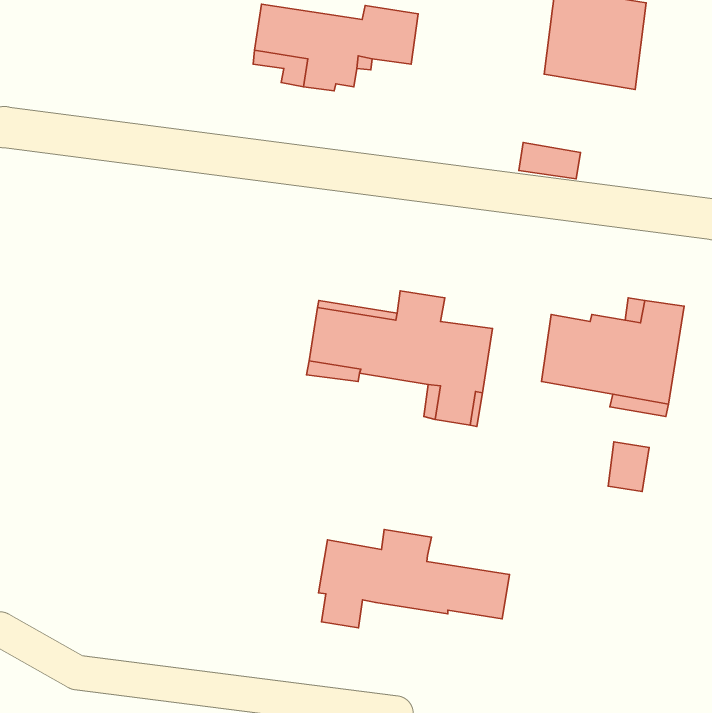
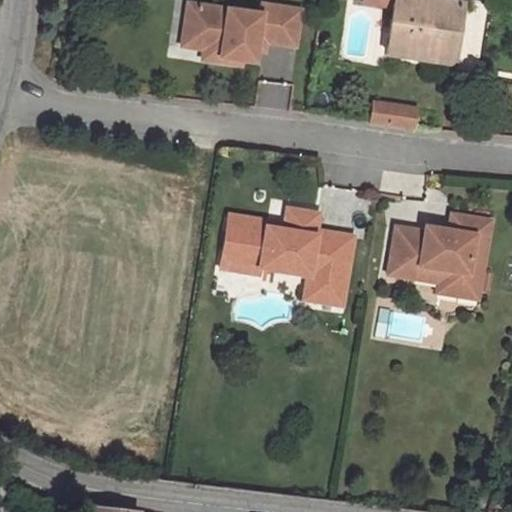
building: [608,442,649,491] -> none
building: [318,530,509,628] -> none

